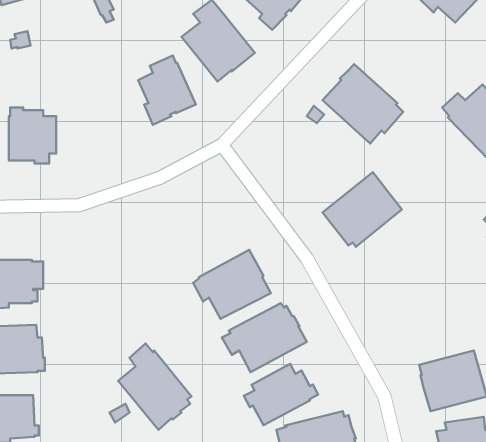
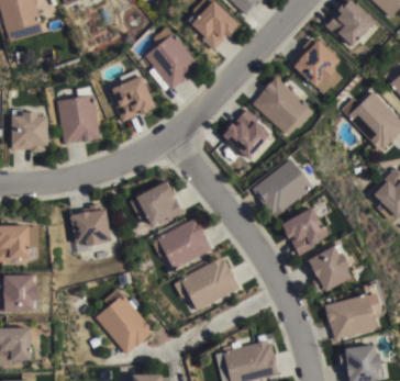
building: none -> [291,38,343,92]
building: none -> [57,94,100,143]
building: none -> [222,120,269,158]
building: none -> [130,179,184,225]
building: none -> [281,206,331,255]
building: none -> [69,209,110,246]
building: none -> [304,244,352,292]
building: [244,364,318,425] -> none

